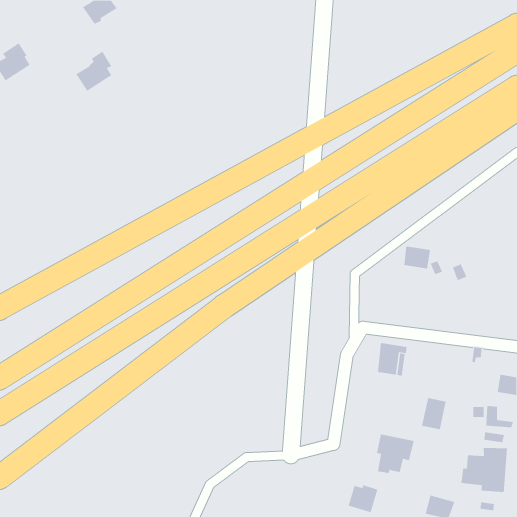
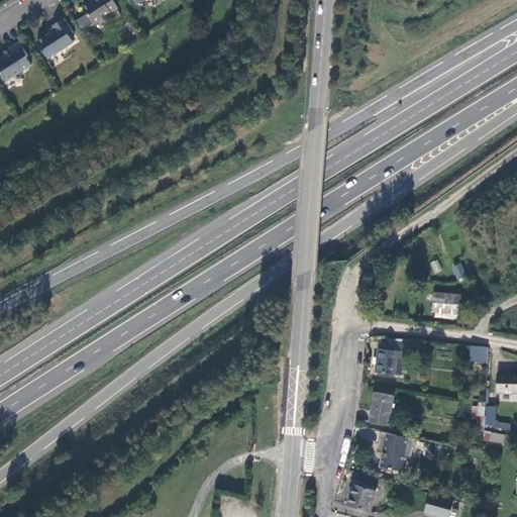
building: [76,51,112,91] -> [36,19,73,60]
building: [404,246,431,269] -> [432,294,459,317]
building: [421,397,447,430] -> [369,394,394,426]
building: [461,447,508,493] -> none

